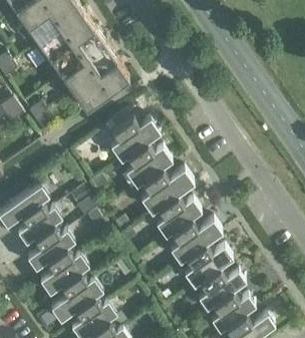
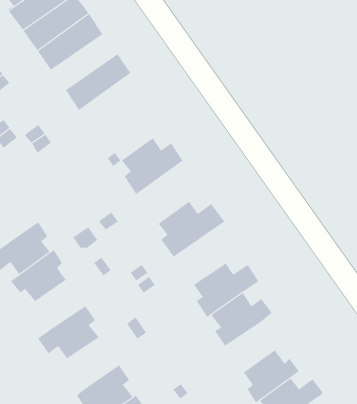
building: [49,29,104,75] -> none
building: [72,61,127,109] -> none
building: [122,140,171,188] -> none
building: [152,193,200,238] -> none
building: [25,230,75,273] -> none
building: [195,267,245,310] -> none
building: [49,277,103,322] -> none

